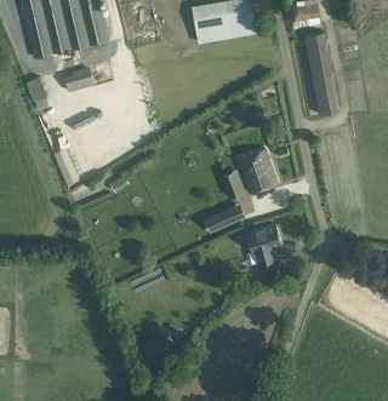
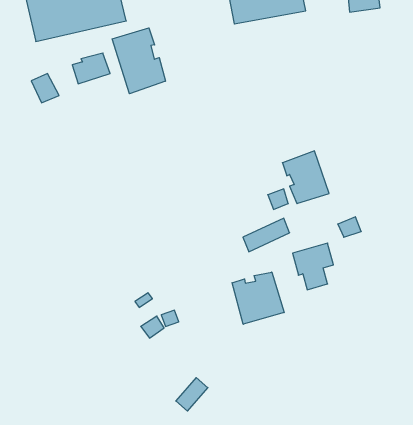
building: [304,33,341,116] -> none
building: none -> [112,28,165,94]
building: none -> [232,272,284,324]

